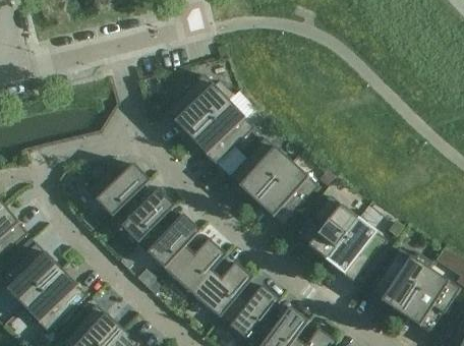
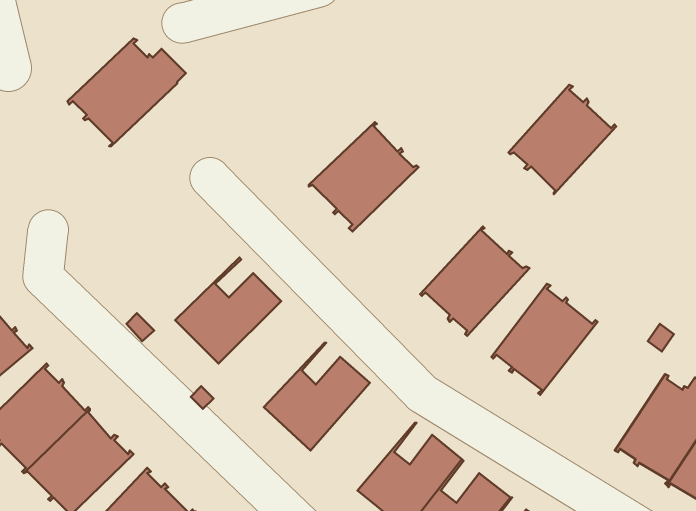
building: [165,74,234,137] -> [68,38,186,146]
building: [229,137,292,201] -> [509,85,616,194]
building: [86,163,150,217] -> none
building: [137,206,199,268] -> none
building: [326,218,388,283] -> none
building: [191,253,252,316] -> none

